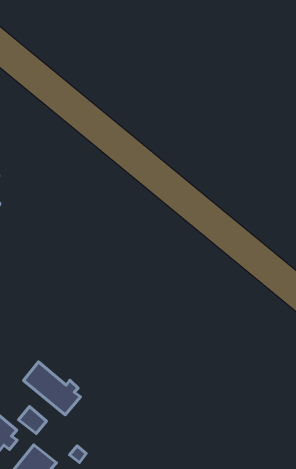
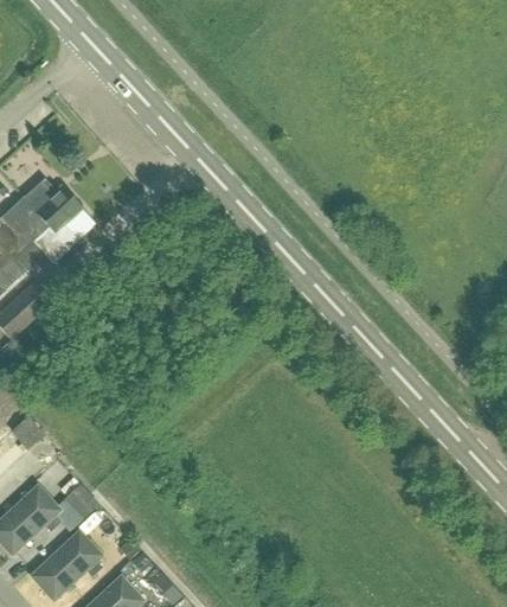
building: [23,362,80,415] -> none

